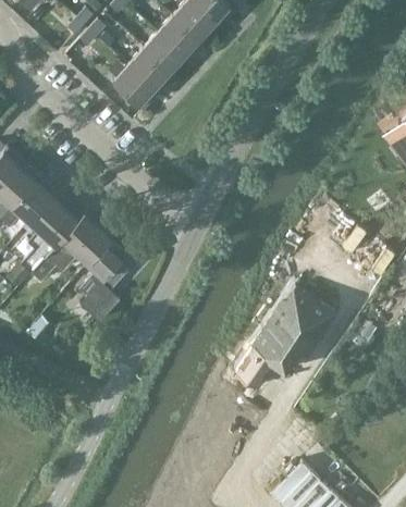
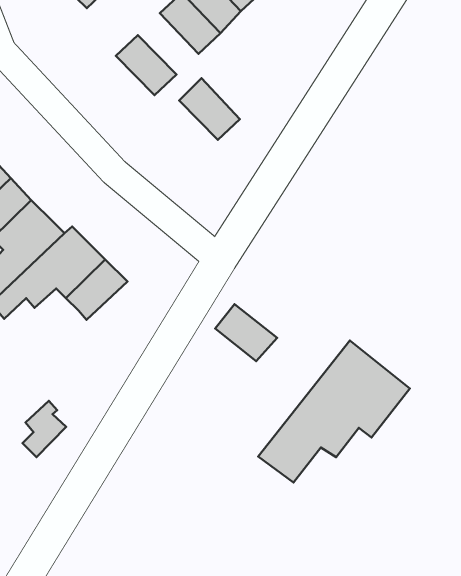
building: [126,47,172,91] -> [179,78,240,140]
building: none -> [215,304,277,361]
building: [78,271,110,313] -> [23,401,66,457]

